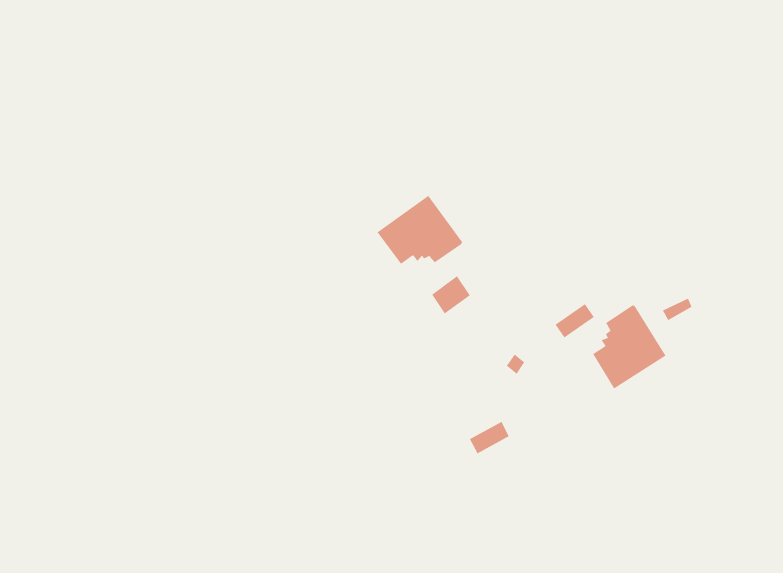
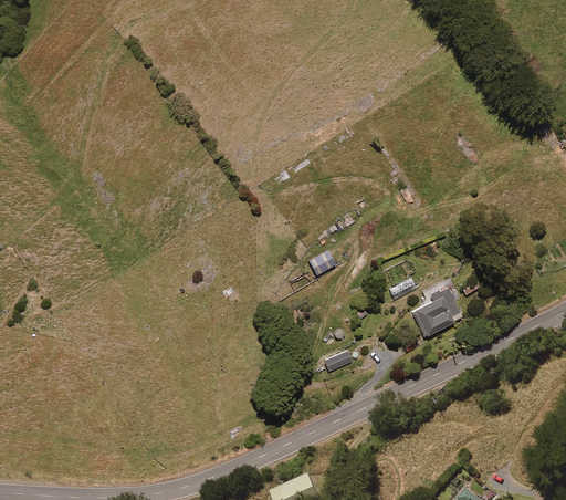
building: [377,195,463,265] -> none

